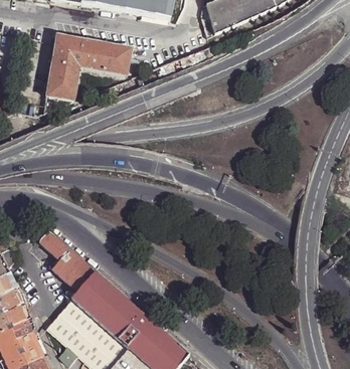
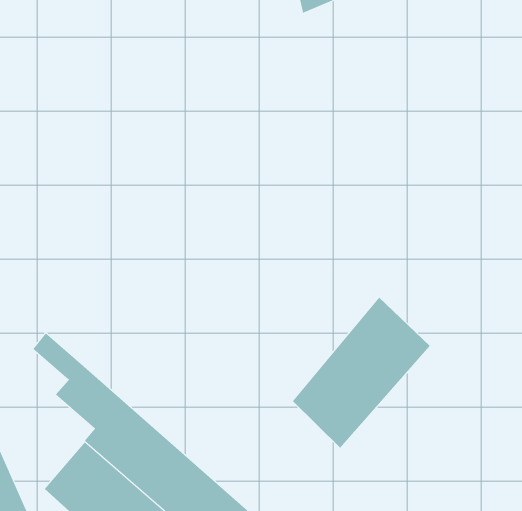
building: [41,35,130,114] -> none
building: none -> [292,297,431,449]

